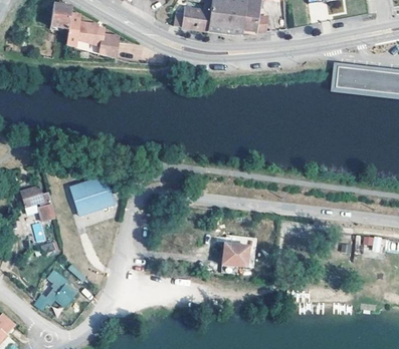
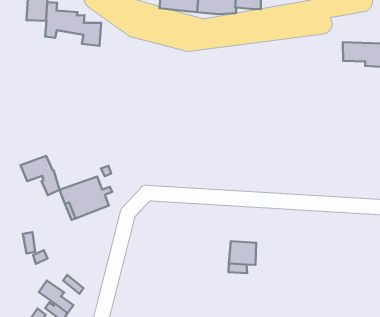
building: [20,184,54,220] -> [21,156,60,195]

